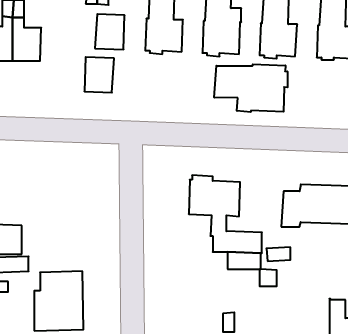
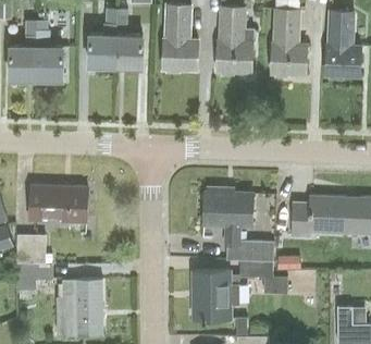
building: [84,57,114,93] -> [88,34,116,67]
building: [214,64,288,112] -> none
building: none -> [29,186,88,222]
building: none -> [193,271,238,320]

